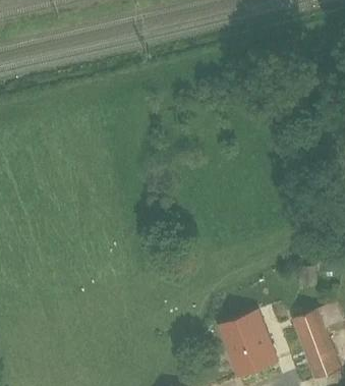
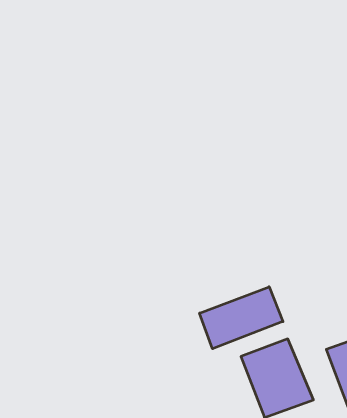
building: none -> [200,287,283,349]

